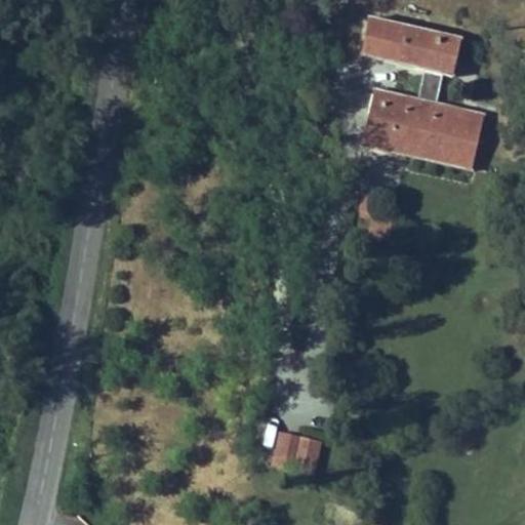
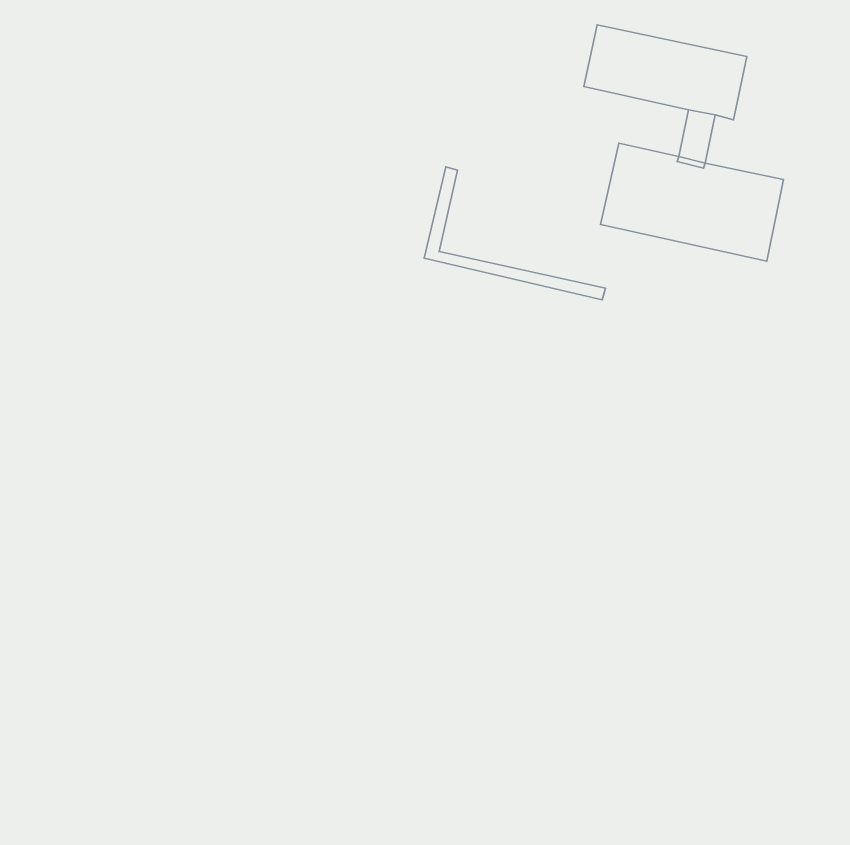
building: [361,86,473,168] -> [424,167,605,300]
building: [289,434,320,473] -> none

